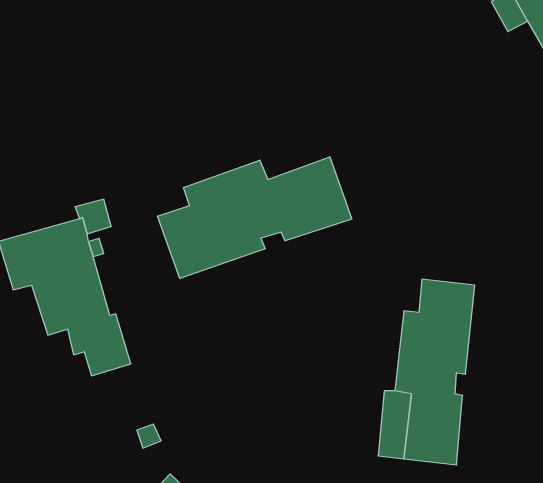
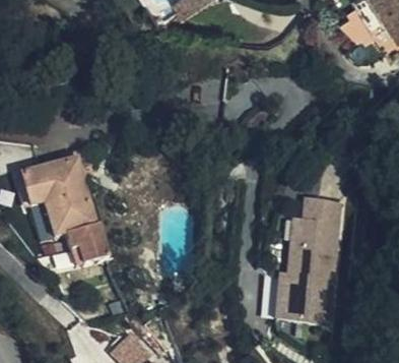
building: [158,157,352,278] -> none

